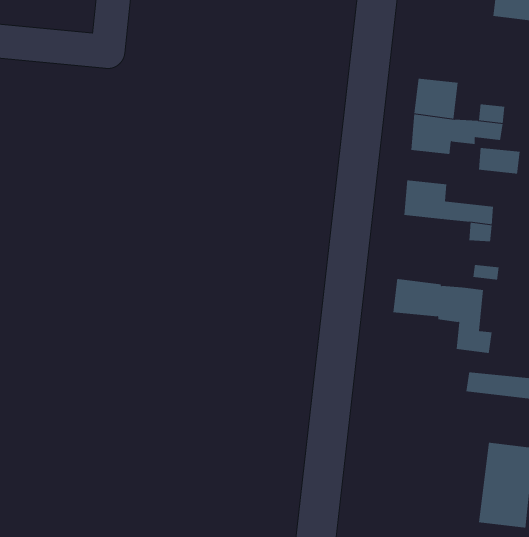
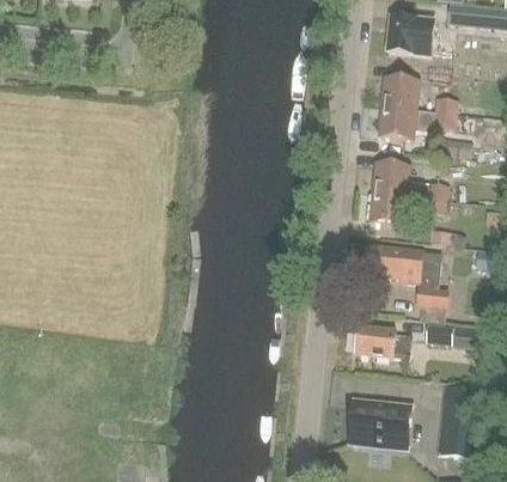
building: none -> [387,16,434,55]
building: none -> [369,191,407,225]
building: none -> [355,327,411,358]
building: none -> [348,402,411,446]

